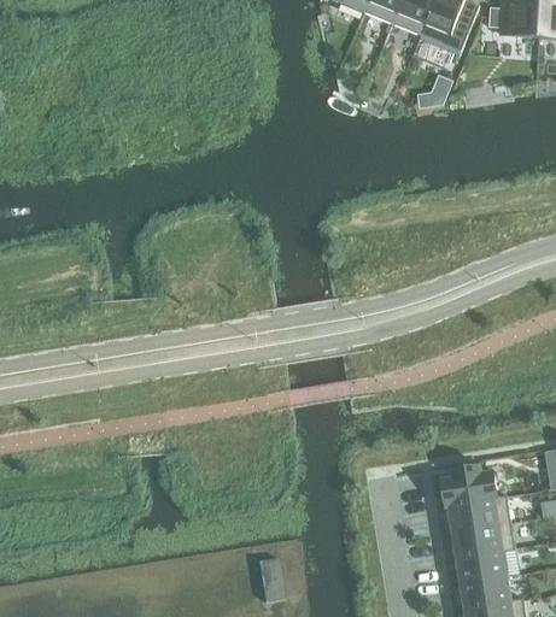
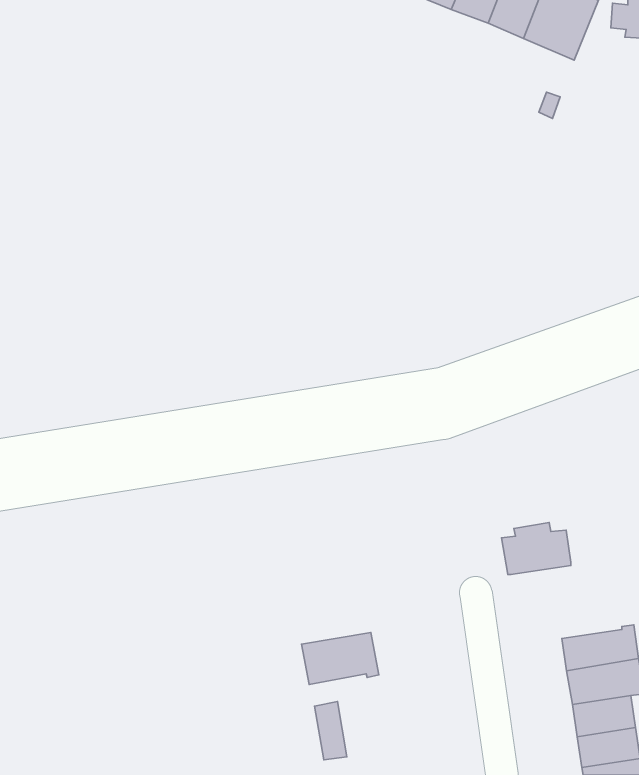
building: [441,465,496,506] -> [502,522,571,575]
building: none -> [301,633,379,685]

